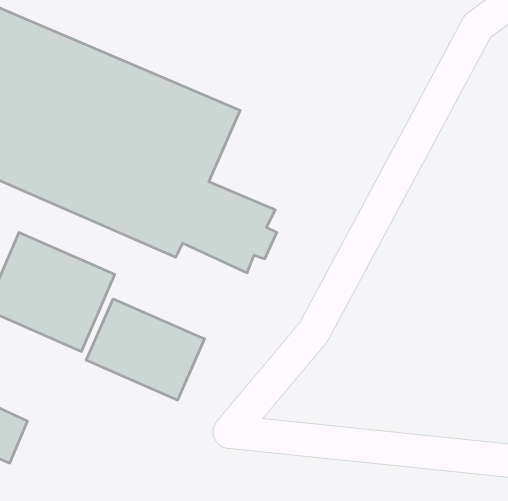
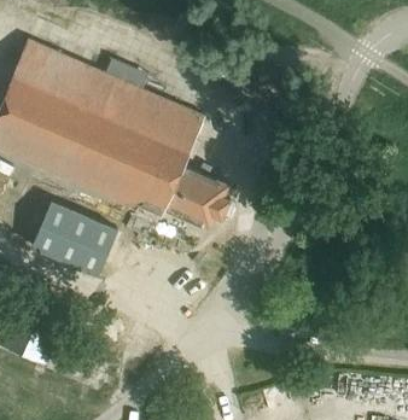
building: [86,299,205,400] -> none

